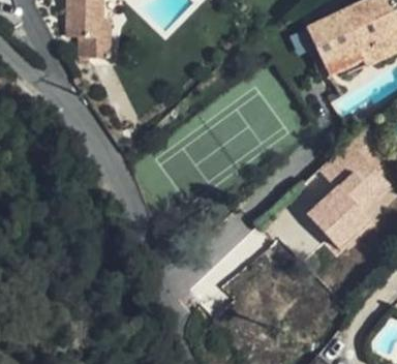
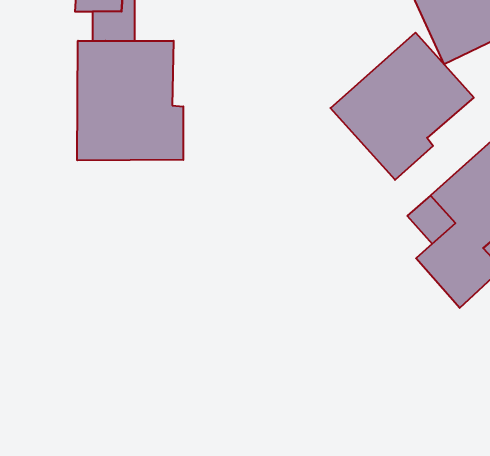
building: none -> [330,33,474,180]
building: none -> [77,41,183,160]

